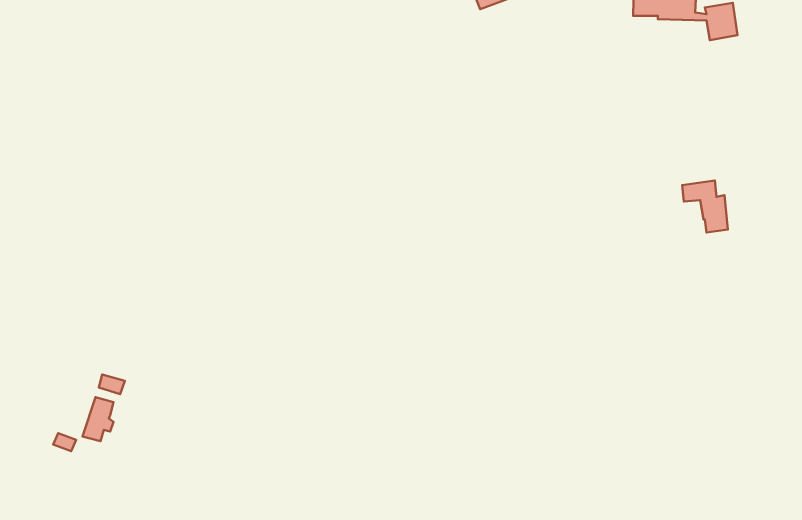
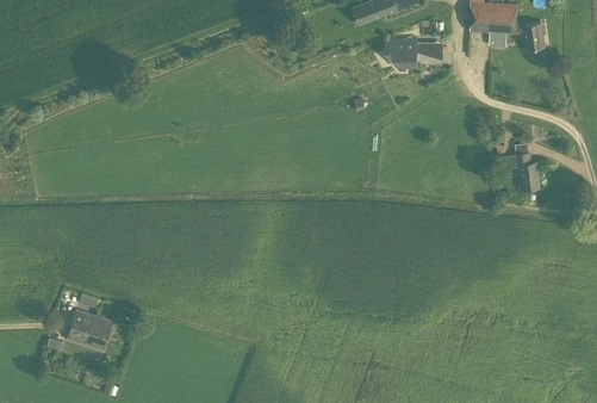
building: none -> [387,42,433,64]
building: none -> [80,315,112,352]

